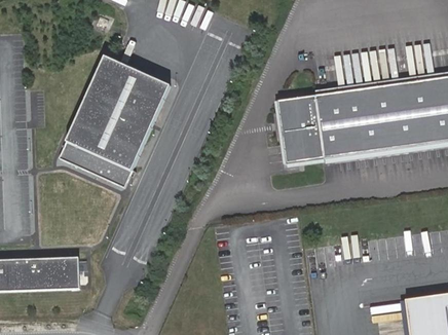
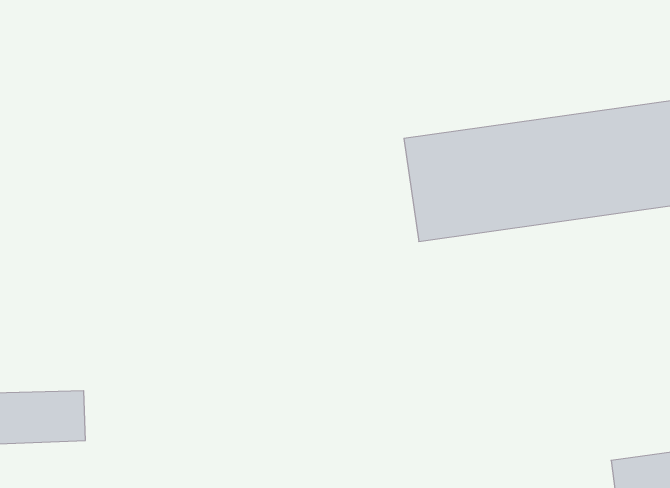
building: [59,55,171,187] -> none

